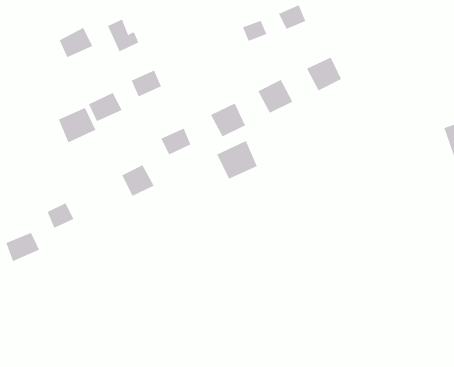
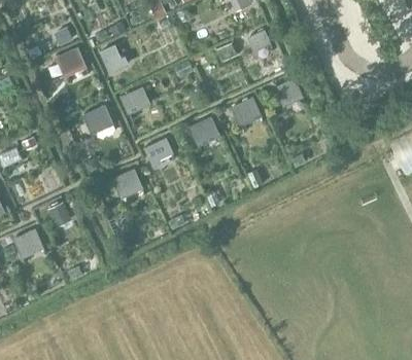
building: [58,107,96,143] -> none
building: [217,140,258,180] -> none

